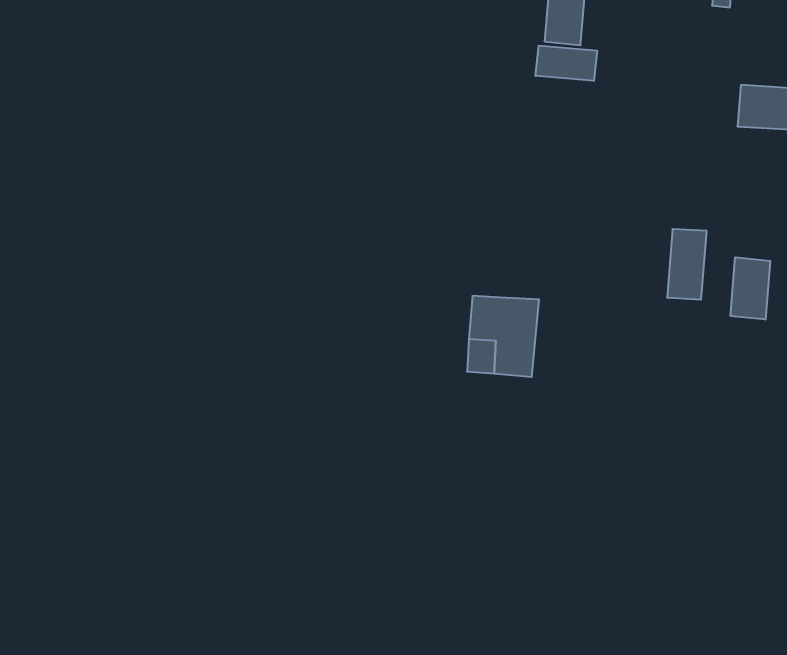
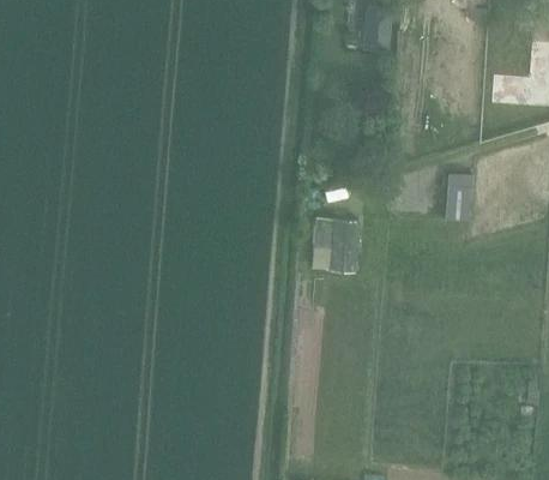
building: [535,46,597,81] -> none
building: [731,257,770,320] -> none

